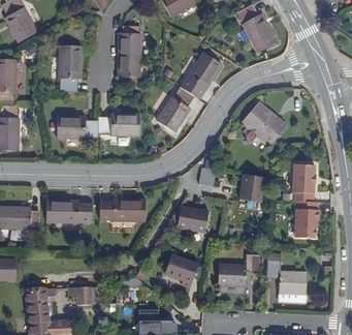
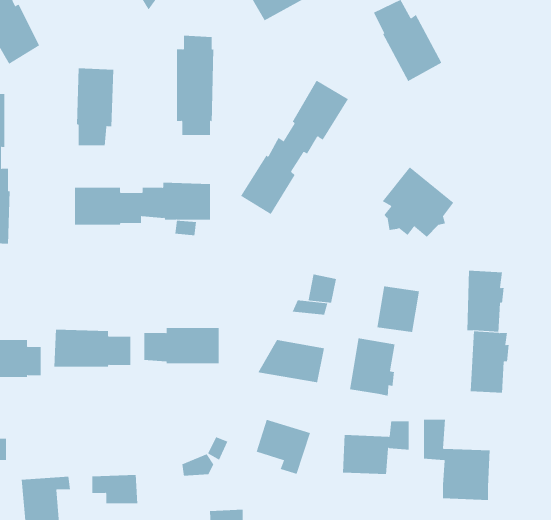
building: none -> [349,337,395,397]

